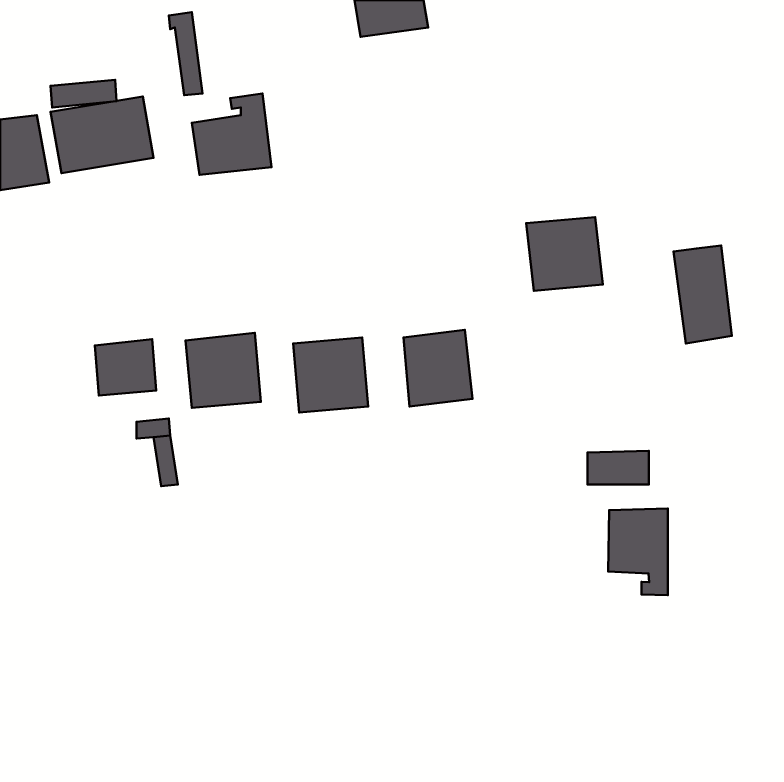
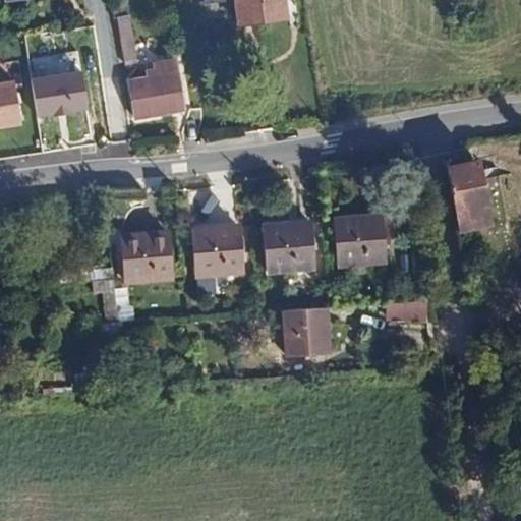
building: [526,217,603,291] -> [336,216,387,265]
building: [95,339,156,396] -> none
building: none -> [274,307,322,356]
building: [608,508,668,595] -> none

